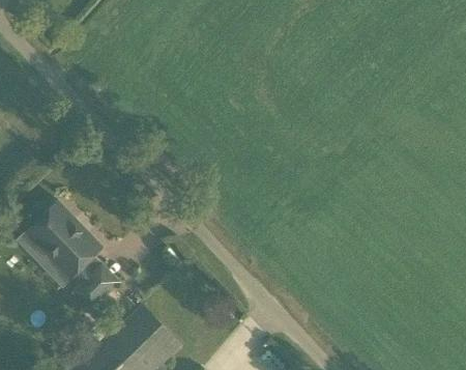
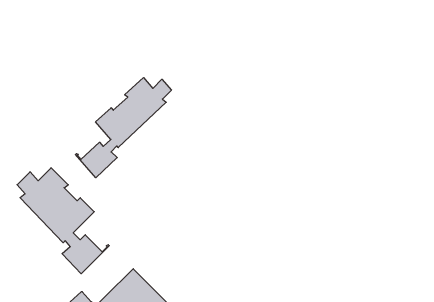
building: none -> [75,78,171,178]

